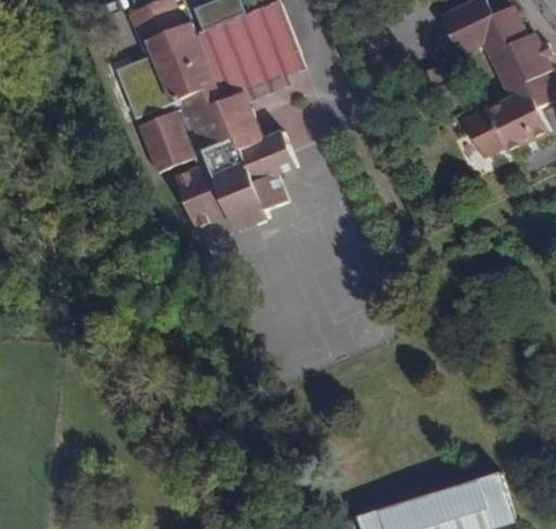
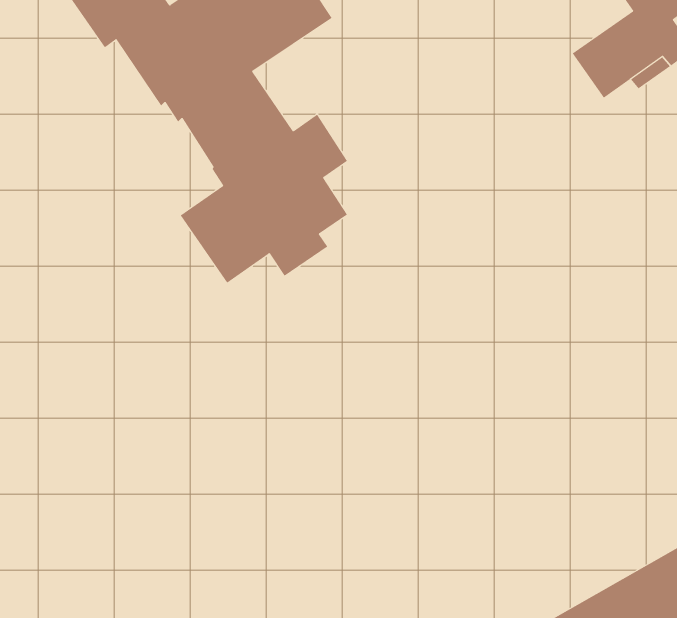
building: [137,109,190,168] -> none

